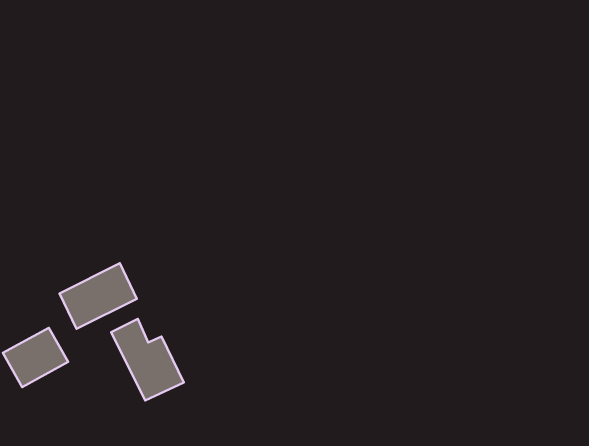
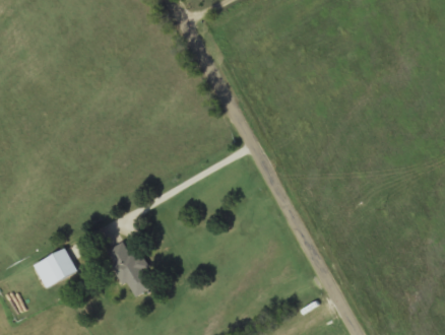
building: [60,263,137,329] -> none

